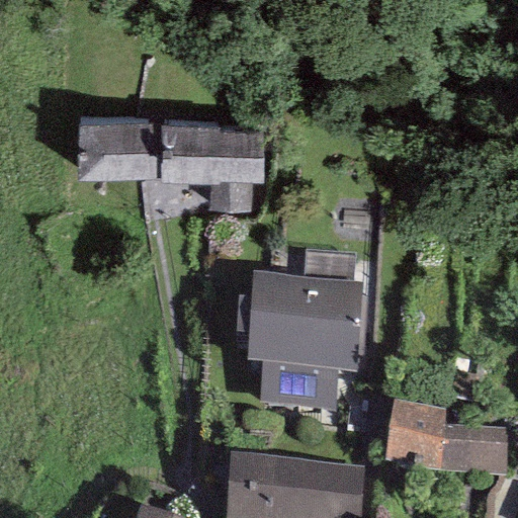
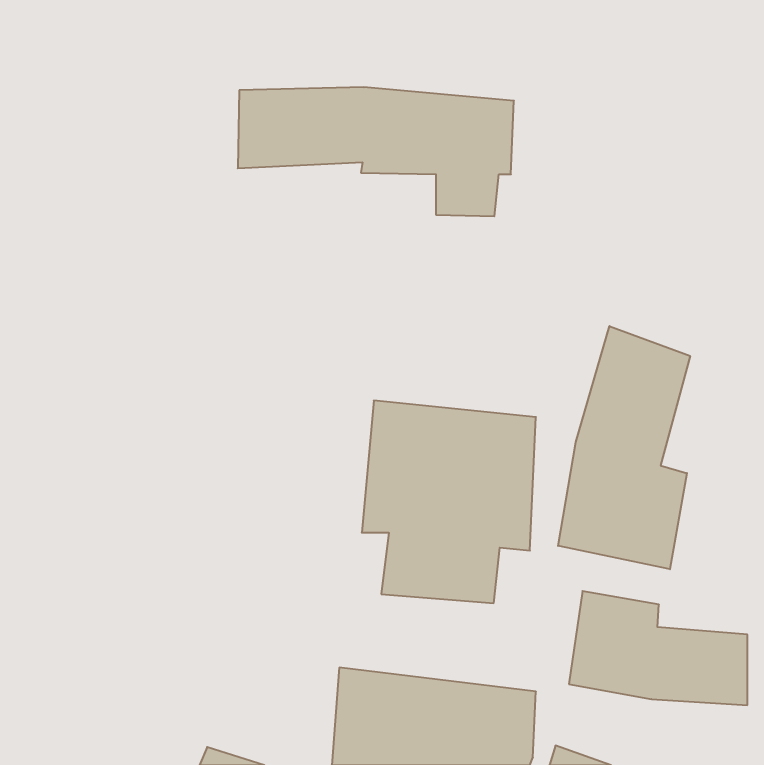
building: [78,125,264,212] -> [238,87,514,216]
building: none -> [558,326,690,569]

